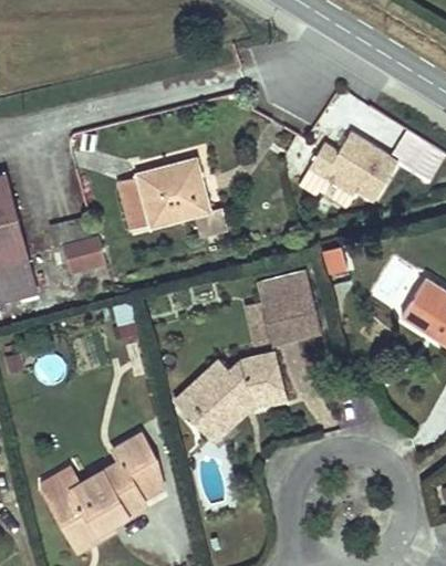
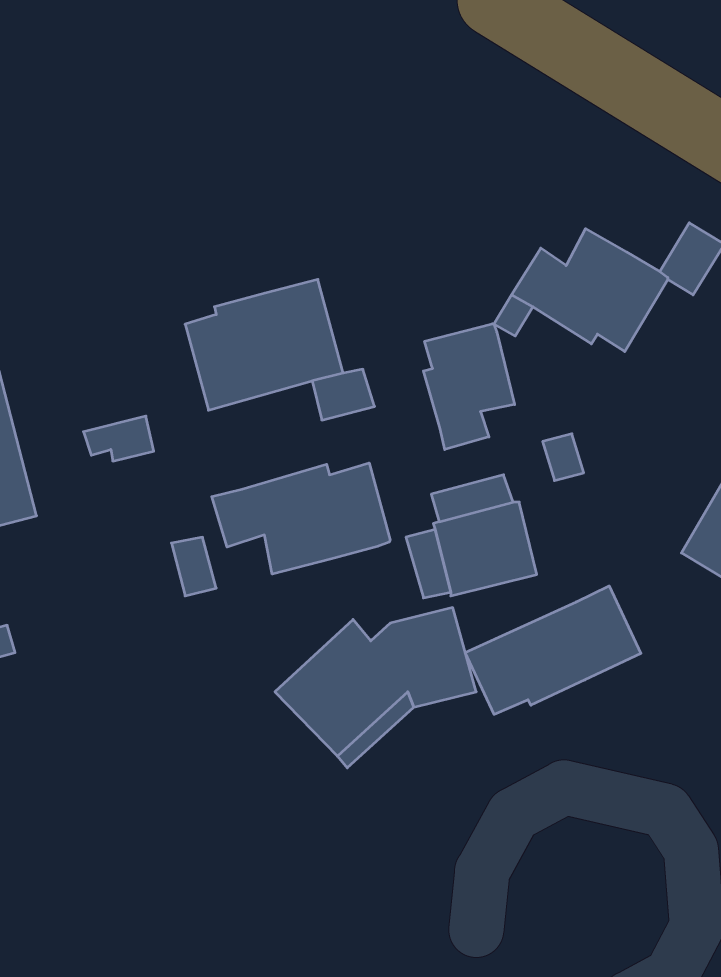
building: none -> [423,324,515,450]
building: none -> [212,463,390,574]
building: none -> [465,586,641,714]
building: [50,433,162,544] -> none

